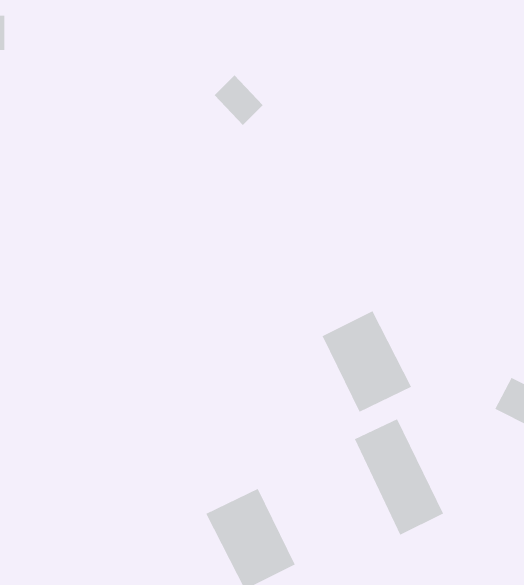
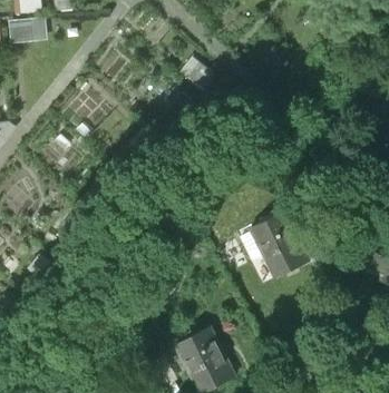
building: [354,418,444,536] -> none

